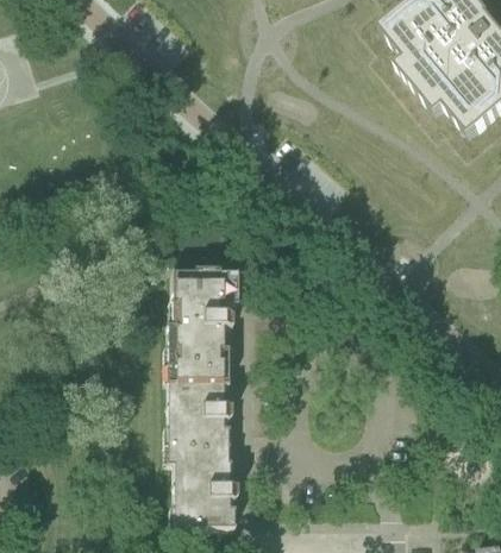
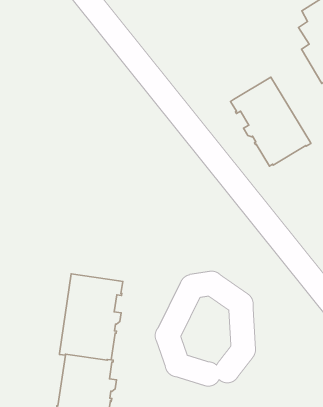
building: none -> [230,77,311,166]
building: [164,269,236,369] -> none

